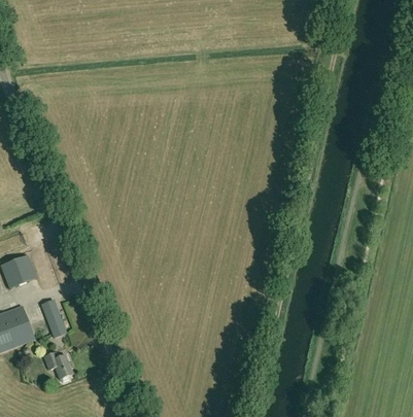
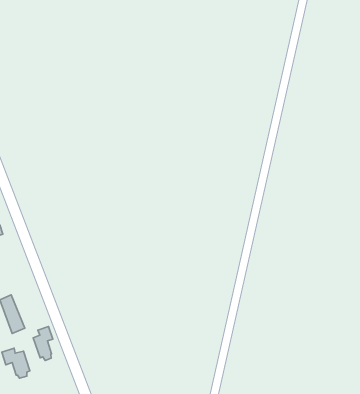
building: none -> [33,327,53,360]

